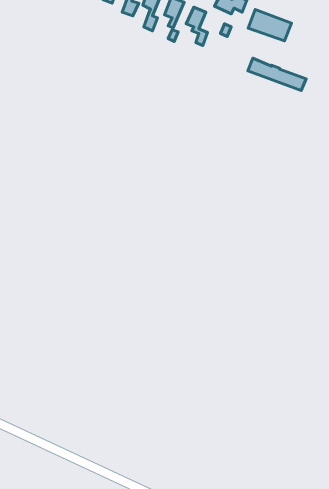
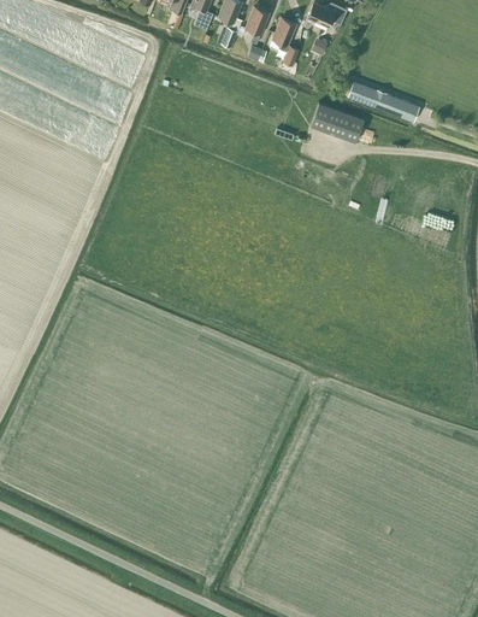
building: [248,10,292,41] -> [309,102,362,141]

